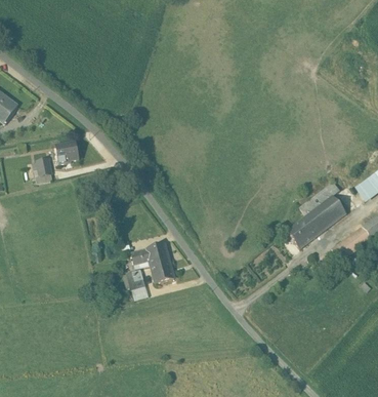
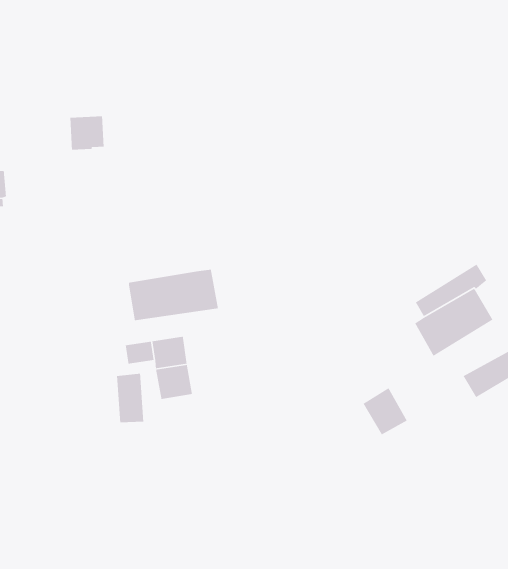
building: [55,141,78,163] -> [70,116,105,151]
building: none -> [128,269,219,321]
building: [285,220,312,248] -> [362,387,408,435]

